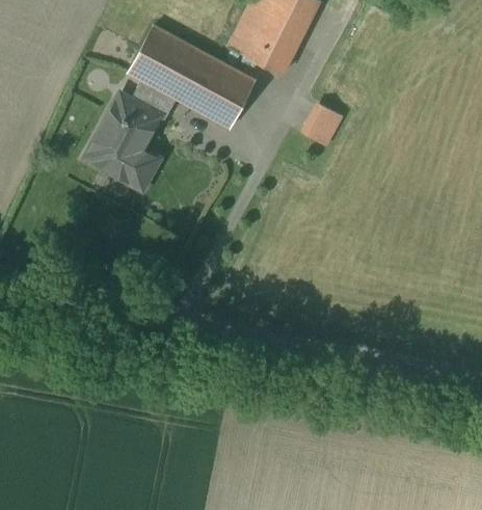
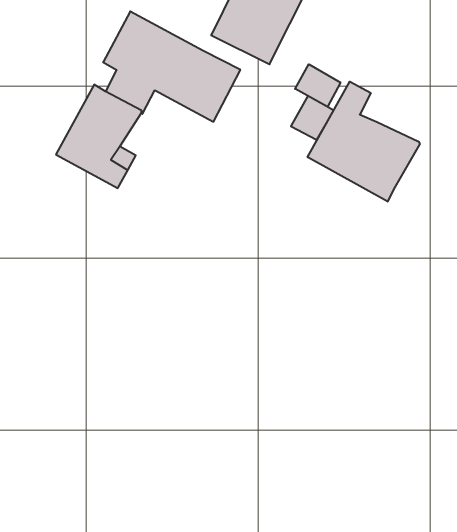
building: none -> [295,64,340,107]
building: none -> [308,82,420,202]

